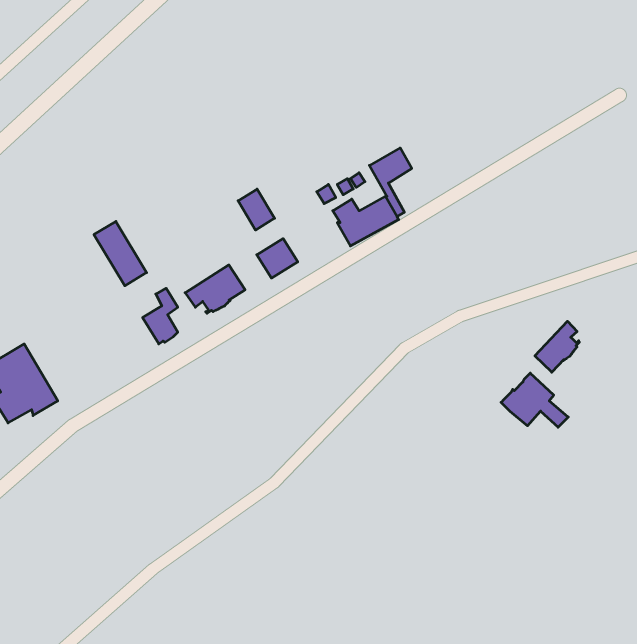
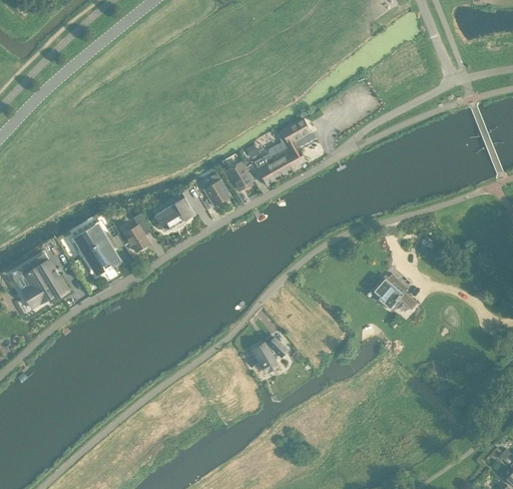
building: [238,189,275,230] -> [226,162,251,190]
building: [94,221,147,286] -> [79,228,115,273]
building: [535,321,579,372] -> none
building: none -> [252,337,285,370]

